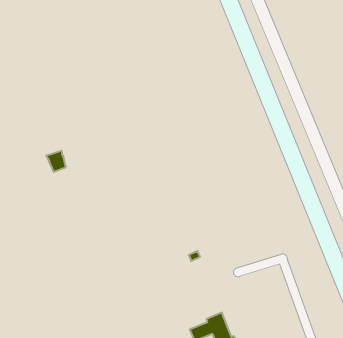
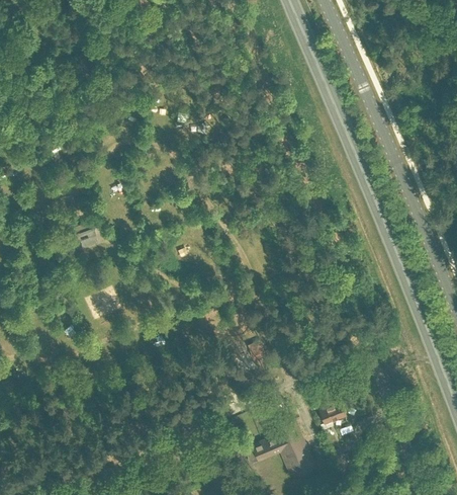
building: none -> [318,406,346,428]

